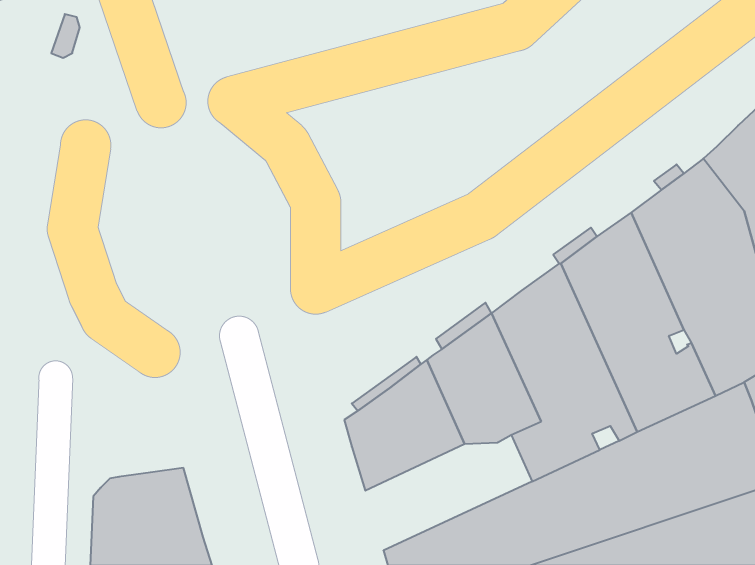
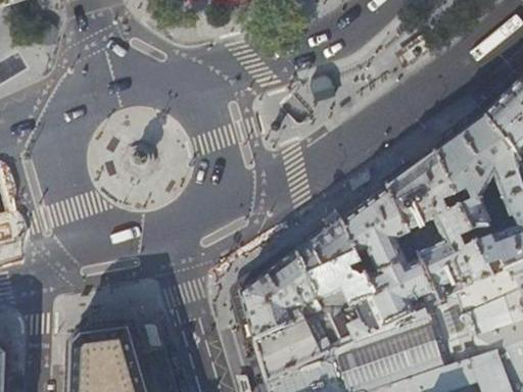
building: none -> [255,300,369,379]

